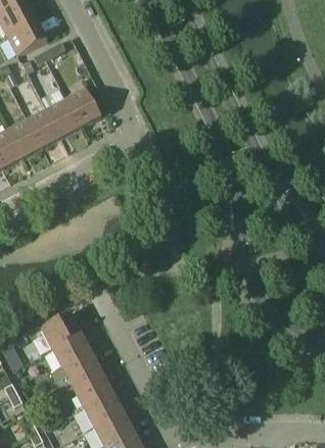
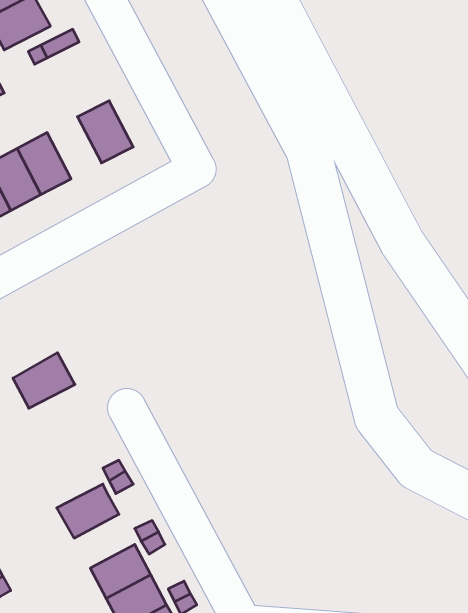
building: [45,94,80,134] -> none
building: [41,309,81,345] -> [13,353,75,408]
building: [62,349,101,384] -> none

